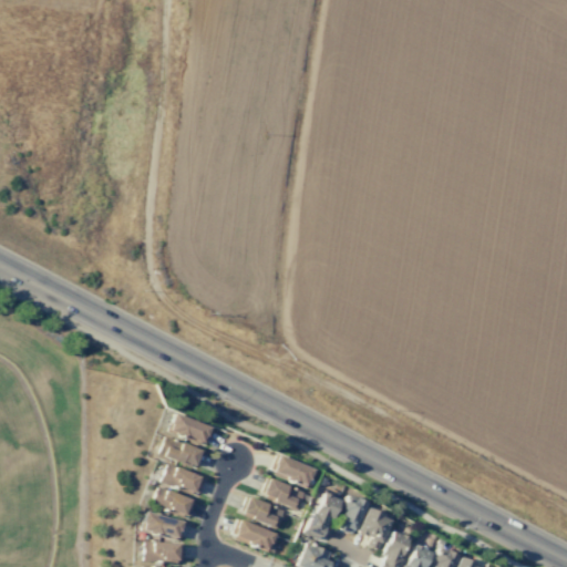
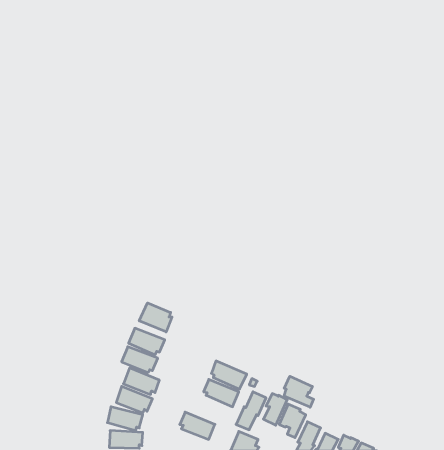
building: none -> [139,303,172,332]
building: none -> [284,376,314,407]
building: [243,496,287,530] -> none

